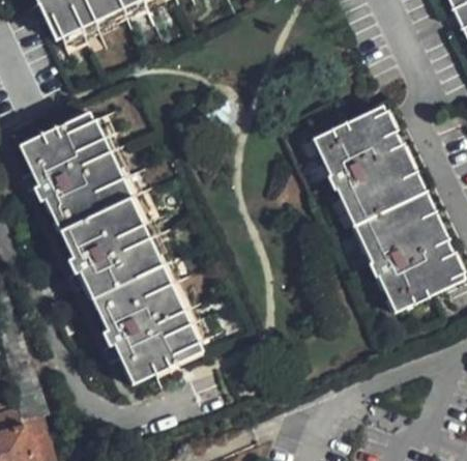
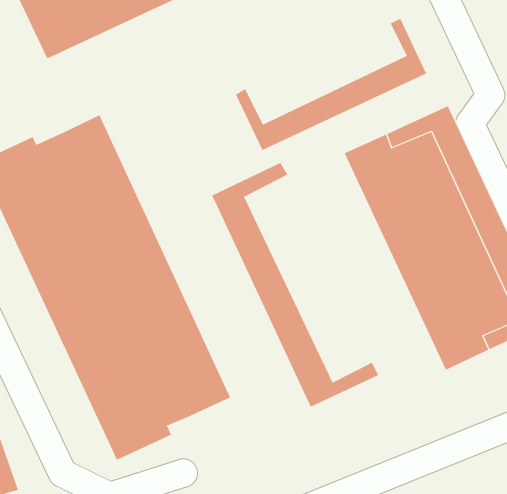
building: none -> [235,18,427,151]
building: none -> [211,162,379,408]

